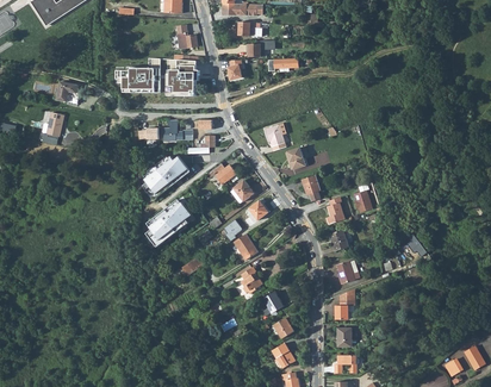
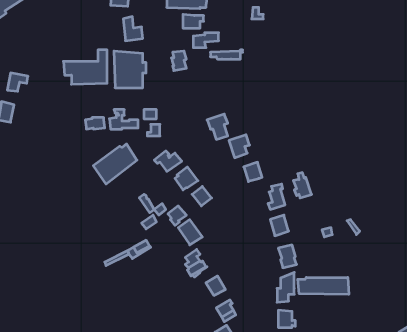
building: [148,201,194,248] -> none
building: none -> [298,277,349,294]

